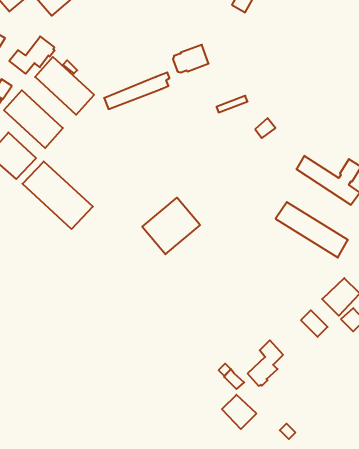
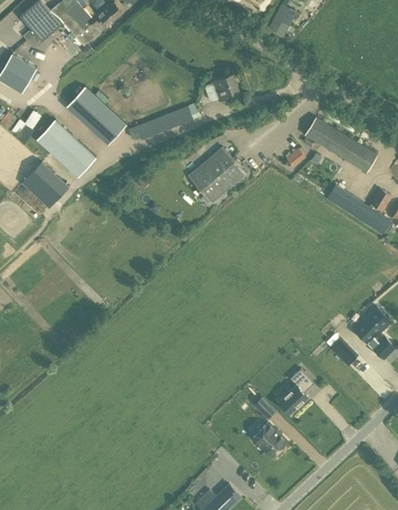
building: [9,36,55,74] -> none
building: [22,161,93,229] -> none
building: [142,198,200,254] -> [188,147,245,204]
building: [276,202,348,258] -> [305,117,377,173]

